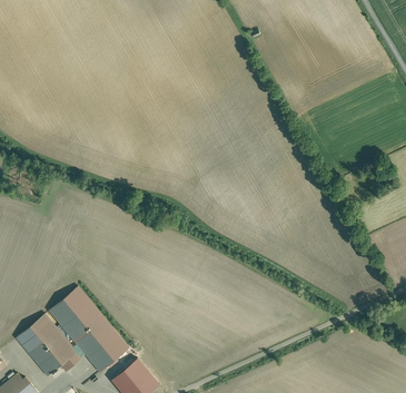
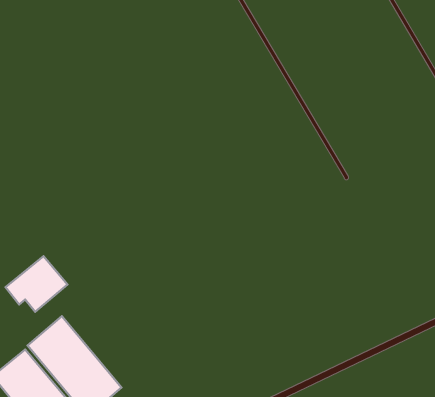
building: none -> [5,256,68,312]

